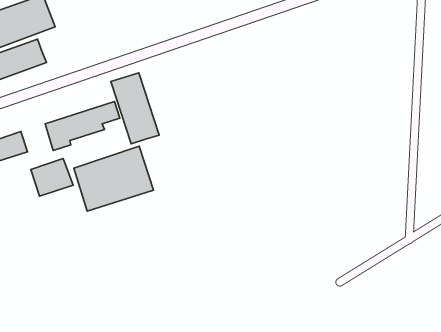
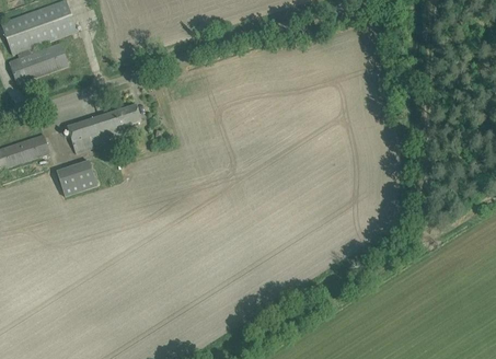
building: [111,73,159,144] -> none
building: [74,146,153,211] -> none

